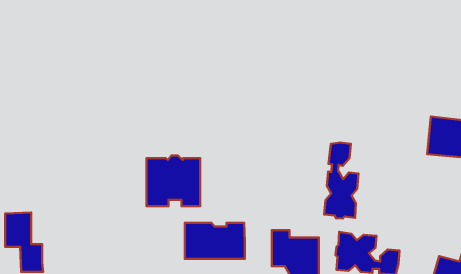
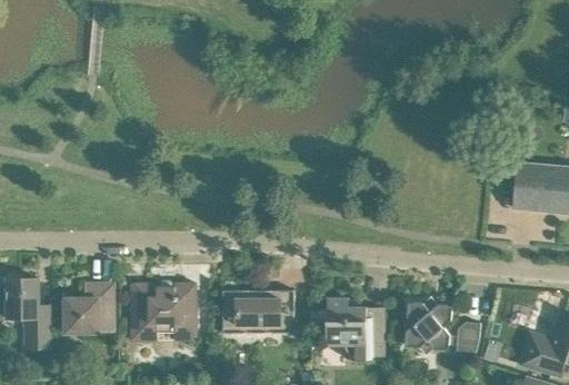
building: [324,143,359,218] -> none
building: [146,155,200,206] -> [131,279,196,340]
building: none -> [64,283,113,333]

